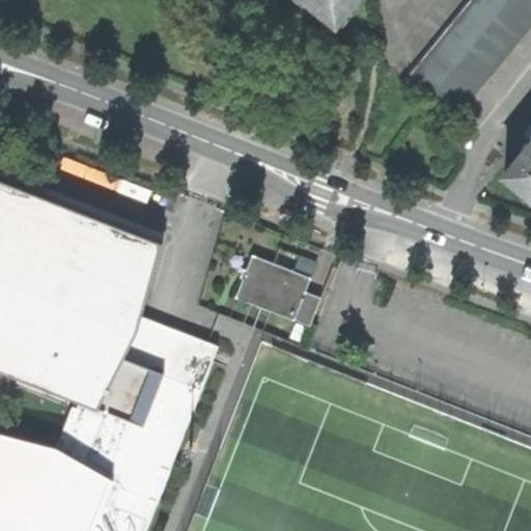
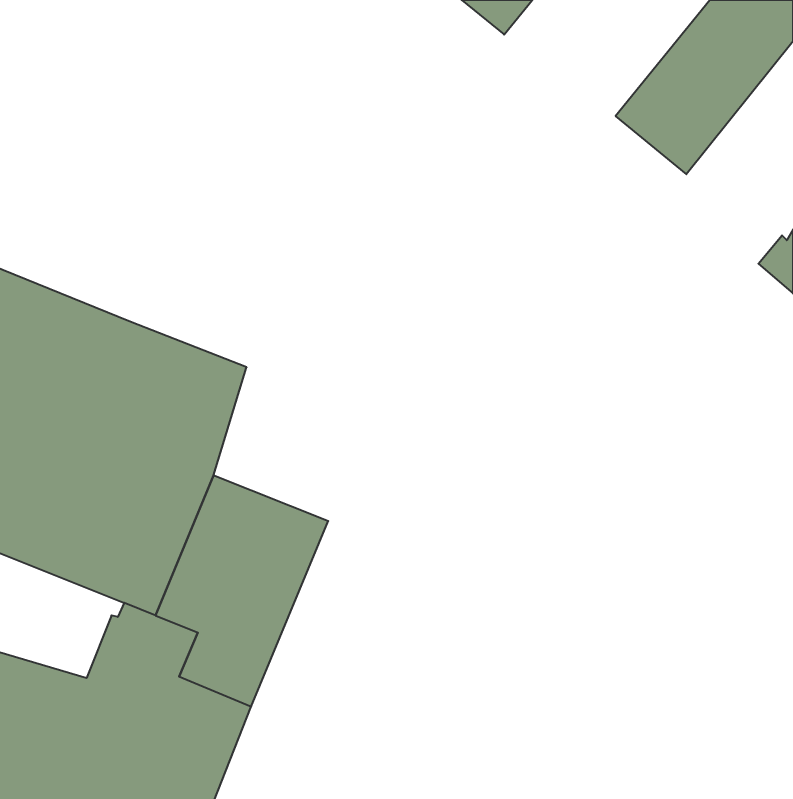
building: [233,257,317,327] -> none

